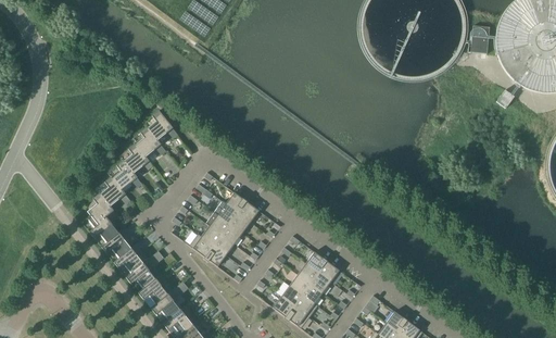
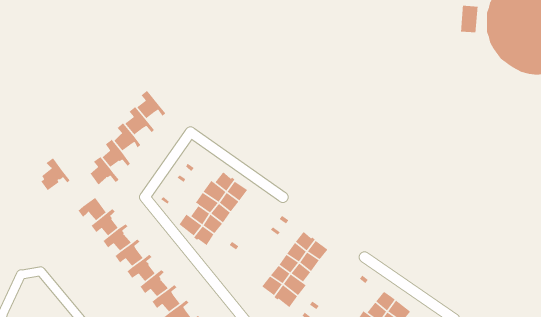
building: [86,192,117,226] -> [39,157,70,191]

